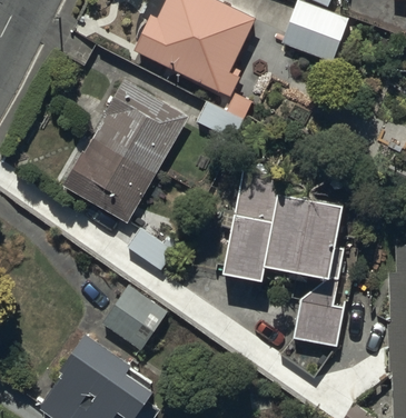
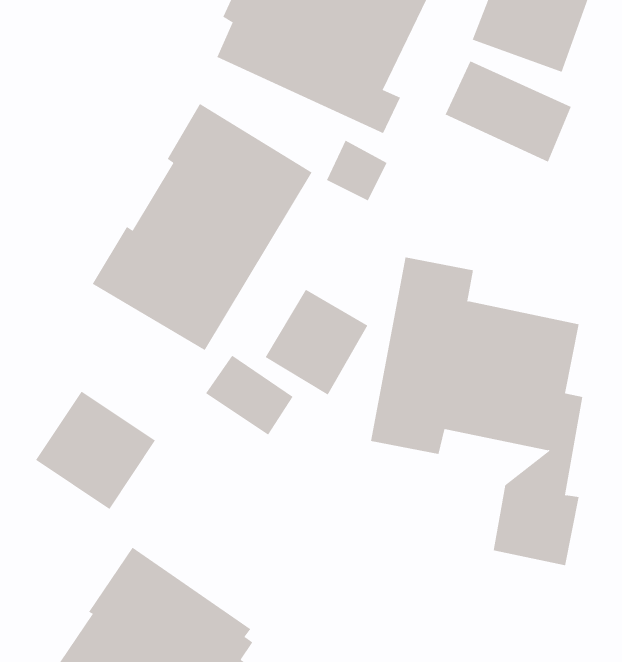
building: none -> [445,60,572,162]
building: none -> [265,289,368,395]
building: [100,282,170,351] -> [35,391,156,510]

